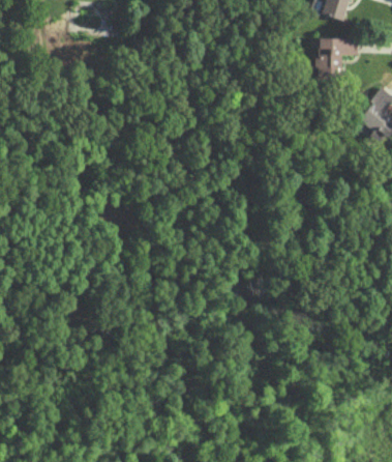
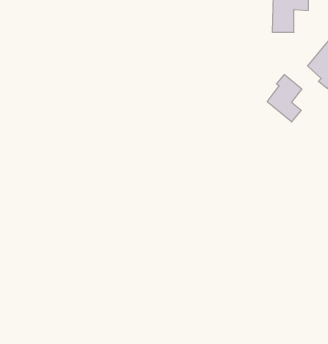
building: none -> [267,75,302,122]

